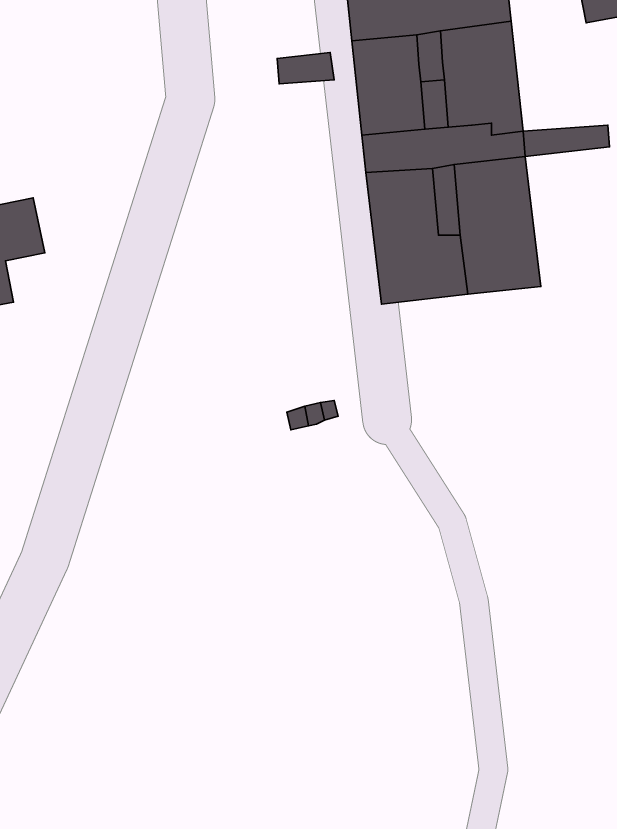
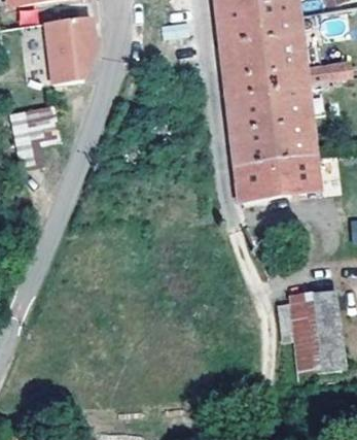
building: none -> [45,14,95,81]
building: none -> [233,151,320,196]
building: none -> [290,292,340,371]

